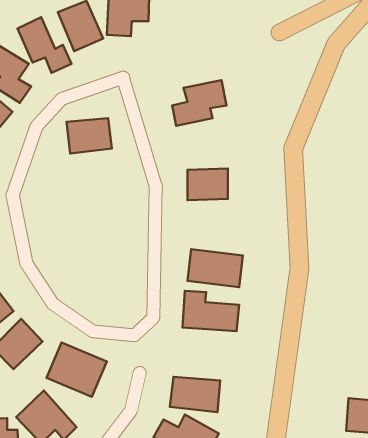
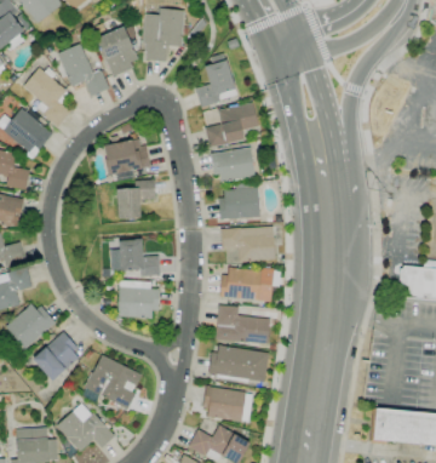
building: none -> [195,52,237,107]
building: none -> [212,147,256,182]
building: none -> [119,179,155,218]
building: none -> [222,227,275,261]
building: none -> [110,239,160,275]
building: none -> [117,281,157,319]
building: none -> [210,344,269,382]

